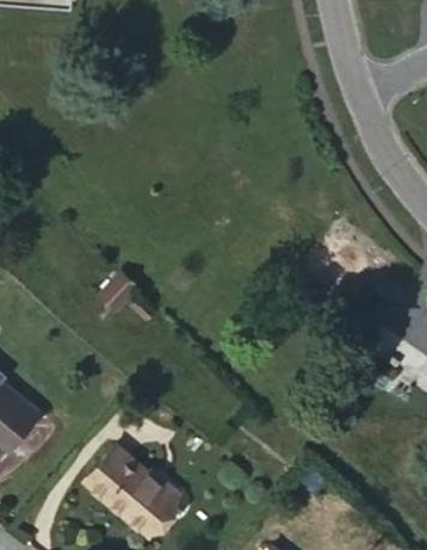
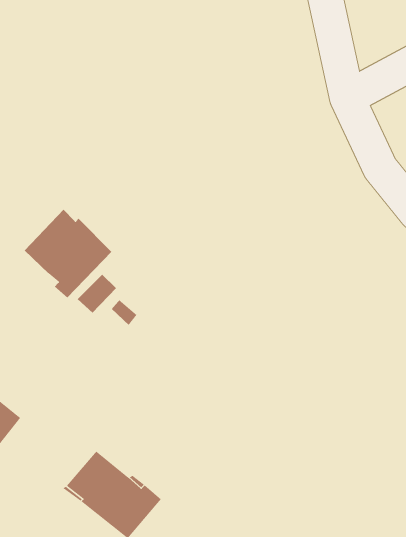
building: none -> [24,209,112,299]

